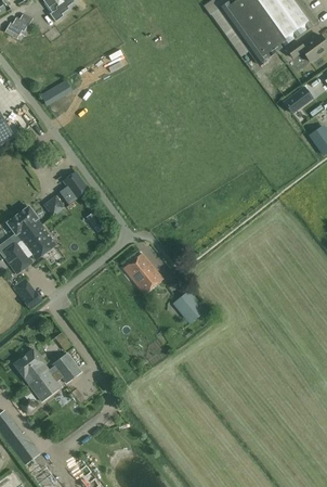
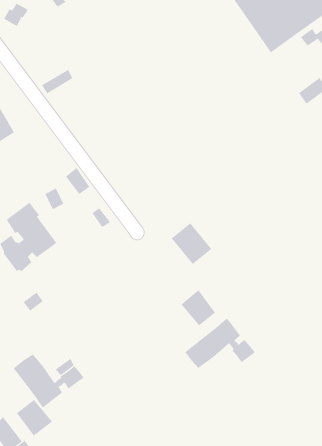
building: [123,253,162,293] -> [171,222,212,265]
building: none -> [184,317,256,369]
building: none -> [16,399,53,436]

